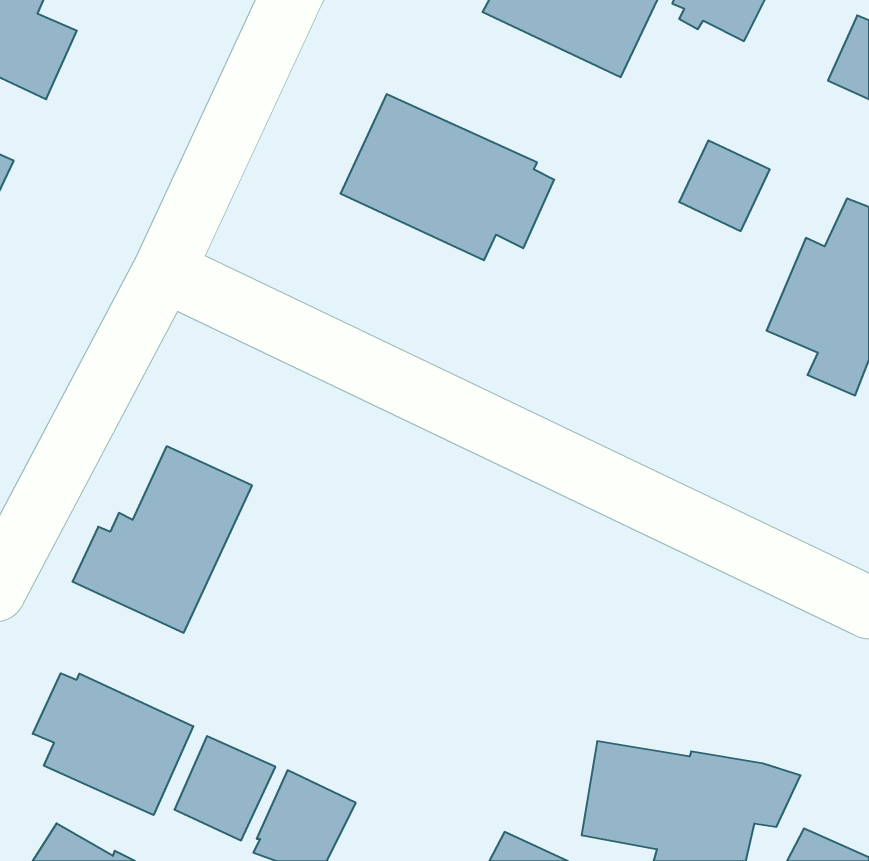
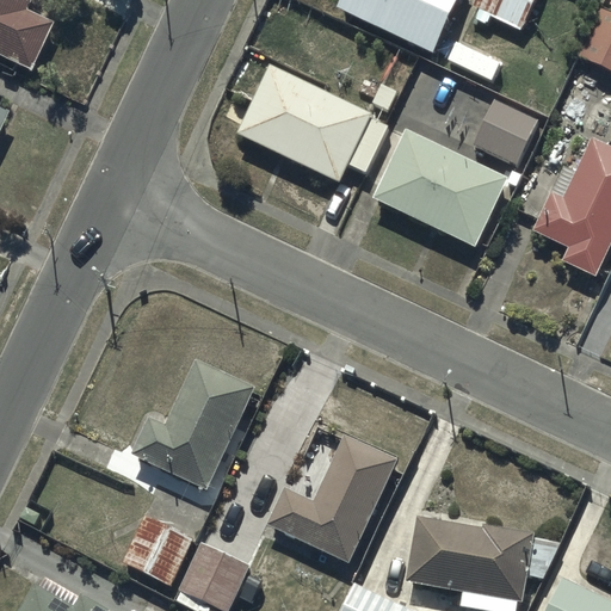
building: none -> [375,131,507,245]
building: [72,446,252,633] -> [130,360,255,490]
building: none -> [266,433,396,563]
building: [33,673,193,815] -> none

